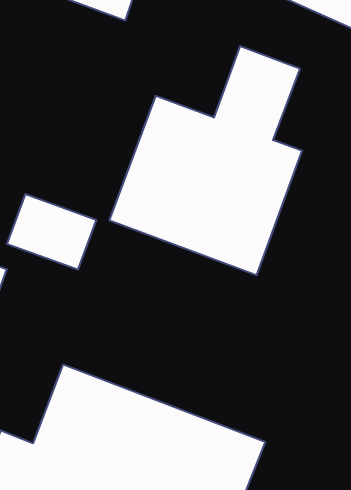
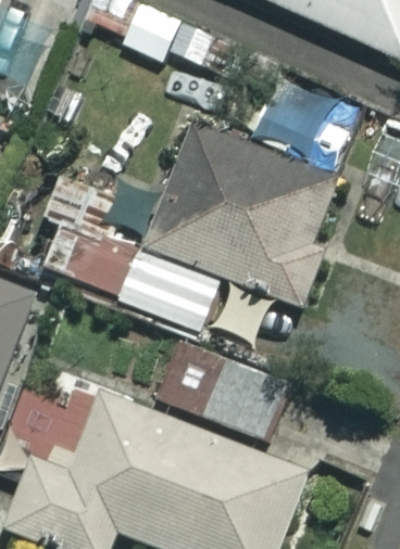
building: none -> [153,340,286,442]

